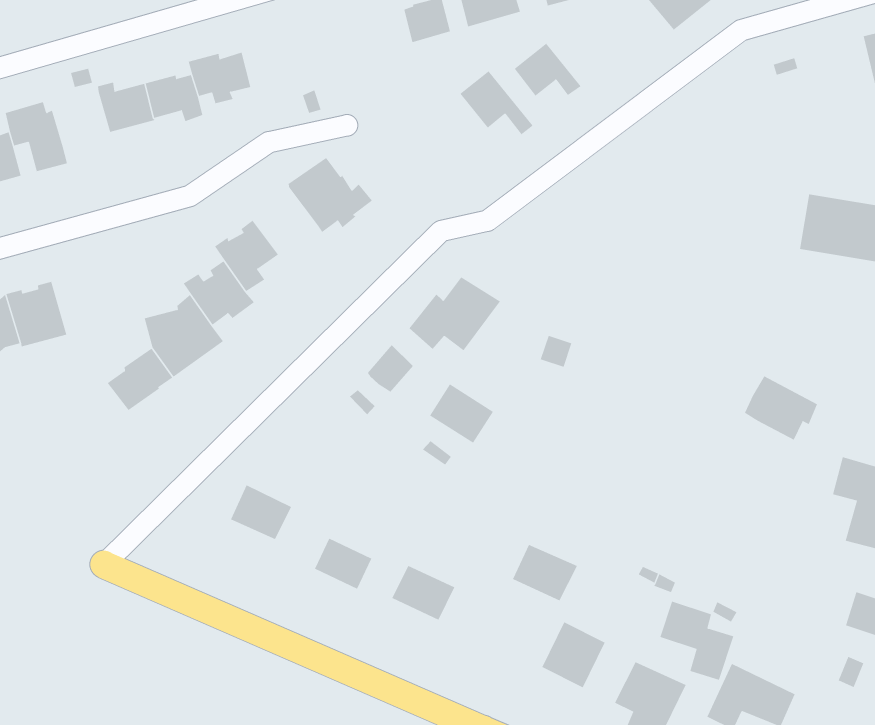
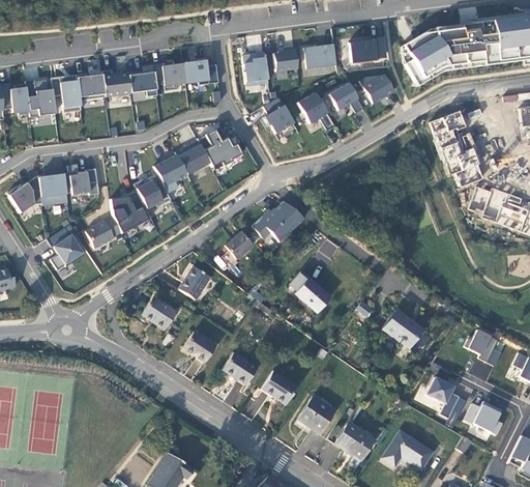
building: none -> [243,52,269,84]
building: none -> [360,74,394,103]
building: none -> [184,57,219,85]
building: none -> [432,110,487,188]
building: none -> [264,97,295,134]
building: none -> [78,73,107,101]
building: none -> [176,140,211,175]
building: none -> [69,164,99,195]
building: [744,375,818,440] -> [383,309,423,346]
building: none -> [48,227,85,269]
building: [429,384,494,444] -> [296,278,331,312]
building: none -> [180,266,210,298]
building: [512,544,578,601] -> [262,371,298,404]
building: [659,601,734,680] -> [428,375,468,422]

